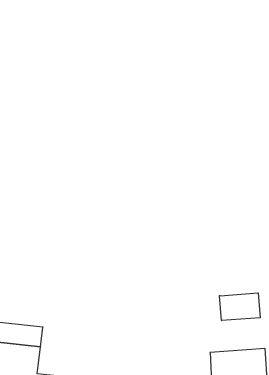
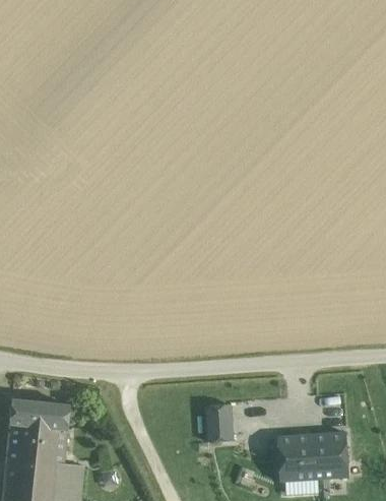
building: [219,293,260,321] -> none
building: none -> [205,405,233,441]

